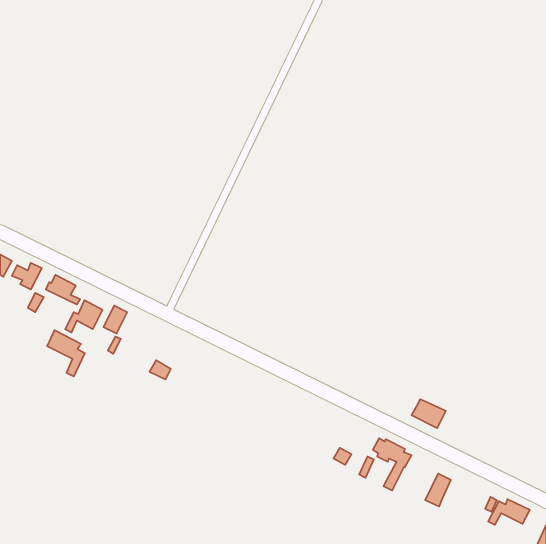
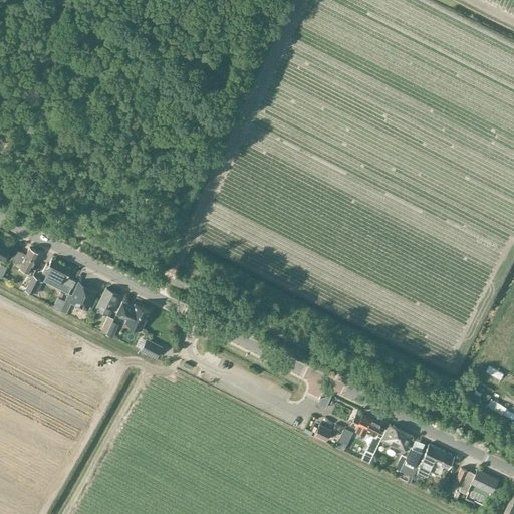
building: none -> [115,303,150,330]
building: [47,330,85,376] -> none
building: [412,399,446,428] -> [380,426,413,453]
building: none -> [417,444,454,475]

